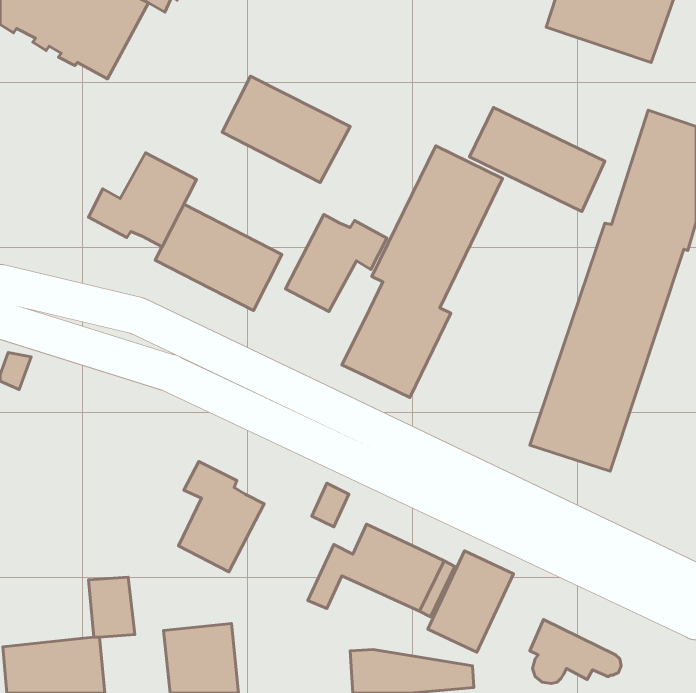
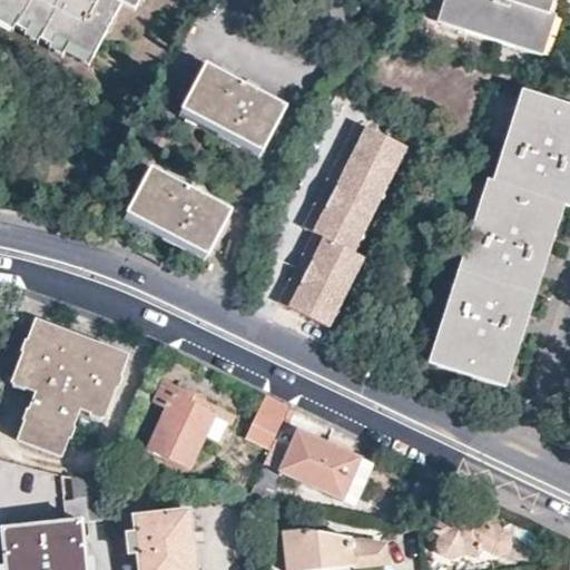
building: [470,107,605,212] -> none
building: [88,153,197,247] -> none
building: [285,215,387,312] -> none
building: none -> [13,321,127,454]
building: [428,551,514,652] -> none

